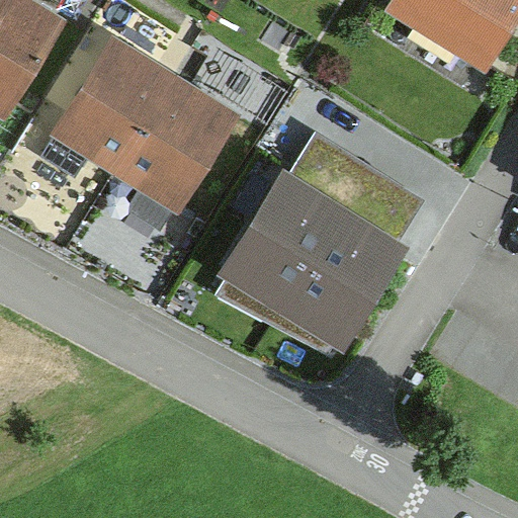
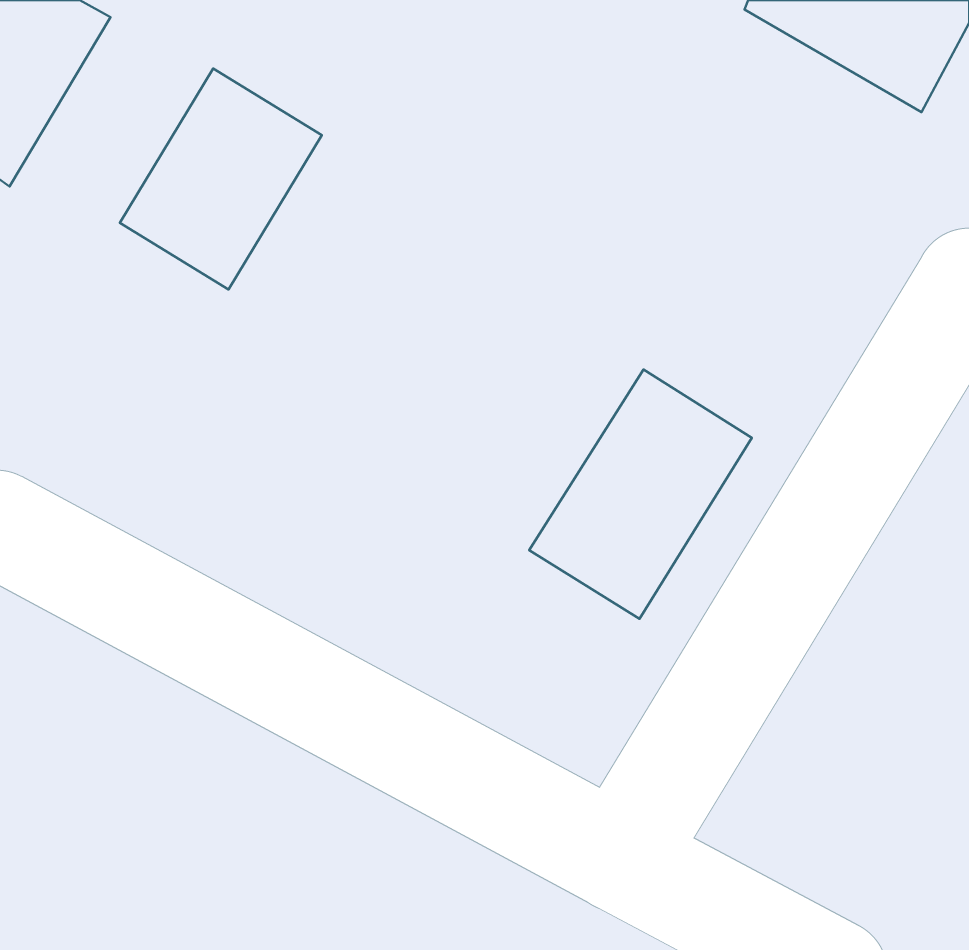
building: [121,84,229,201] -> none
building: [224,173,342,305] -> none

